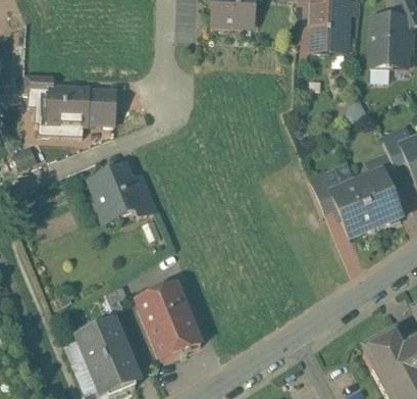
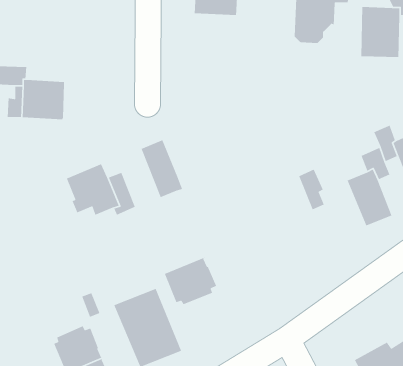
building: [89,90,115,123] -> none
building: none -> [141,139,183,198]
building: [331,182,375,237] -> none
building: none -> [164,257,217,305]

